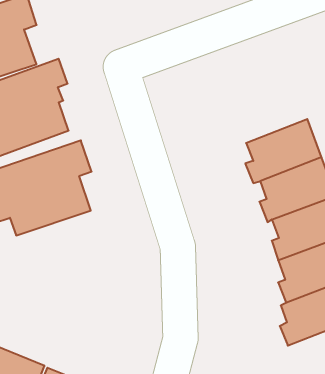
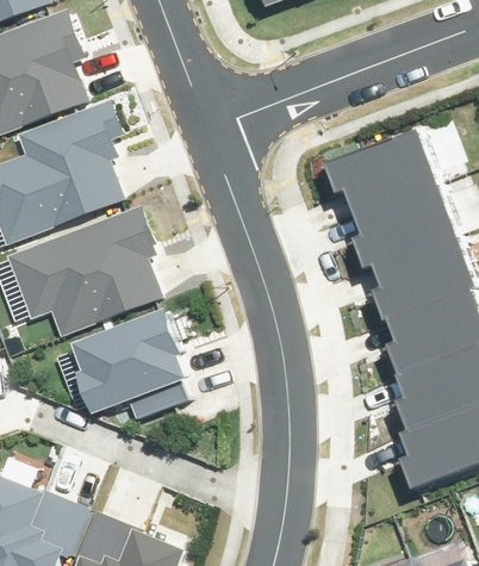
building: none -> [328,130,440,213]
building: none -> [62,307,185,422]

